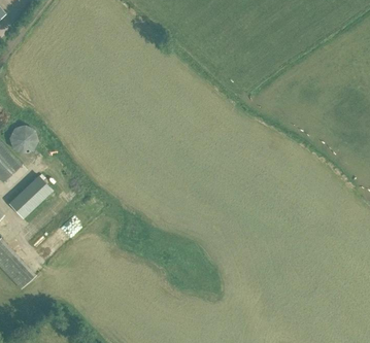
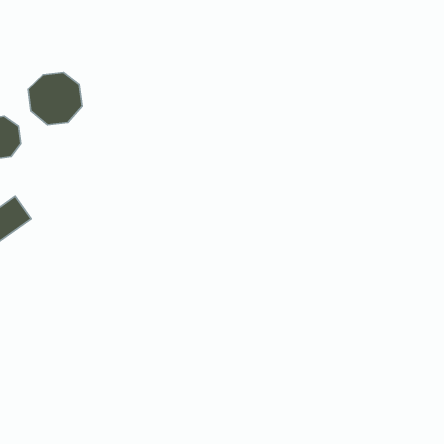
building: none -> [28,73,82,125]

